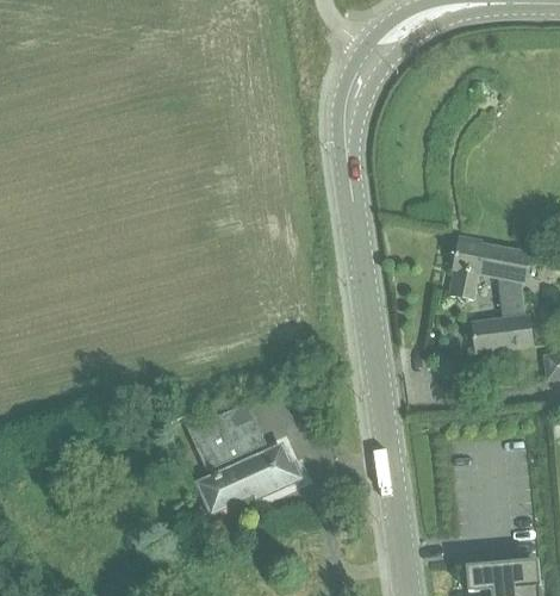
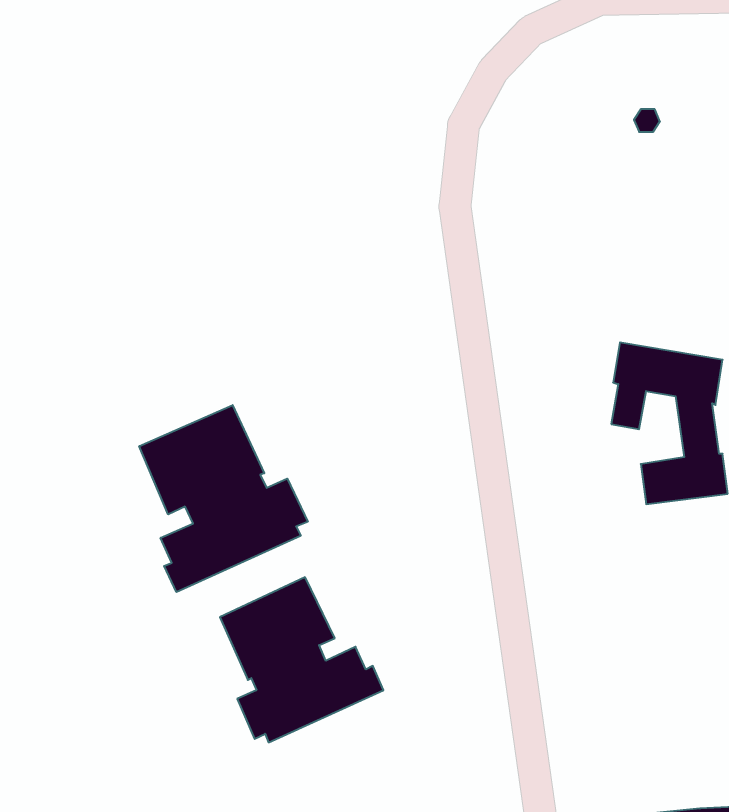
building: none -> [139,405,308,592]

